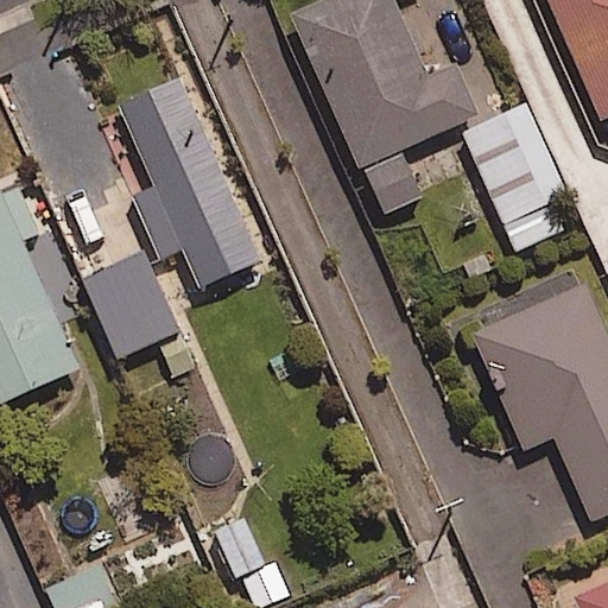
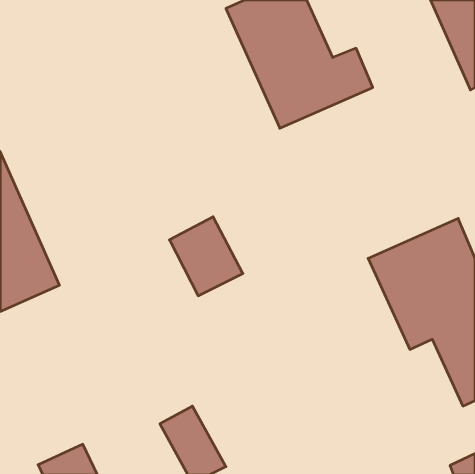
building: [118,75,260,285] -> none
building: [466,109,566,254] -> none
building: [86,261,179,362] -> [169,217,243,296]

